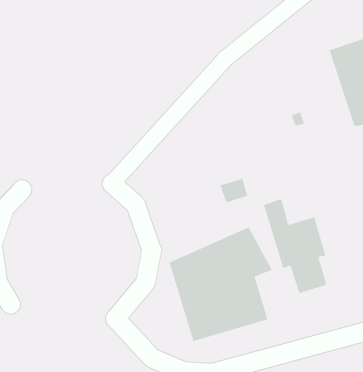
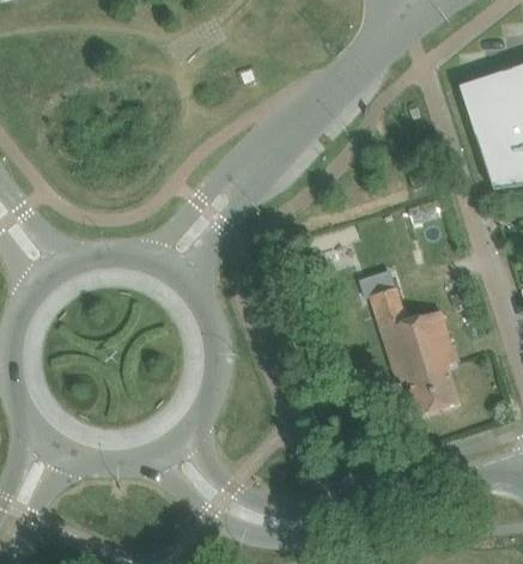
building: [169,226,272,342] -> none

